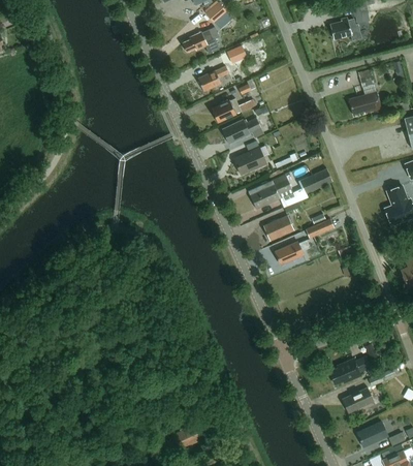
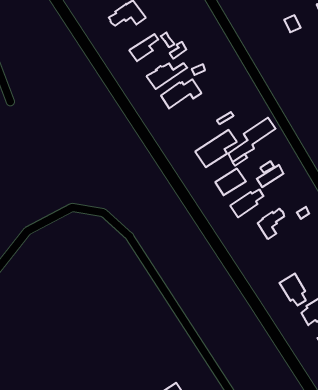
building: [348,91,381,115] -> none
building: [233,141,266,175] -> none
building: none -> [258,209,284,239]
building: none -> [279,273,306,306]

